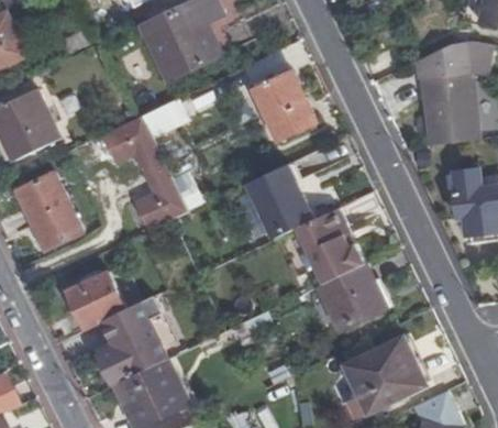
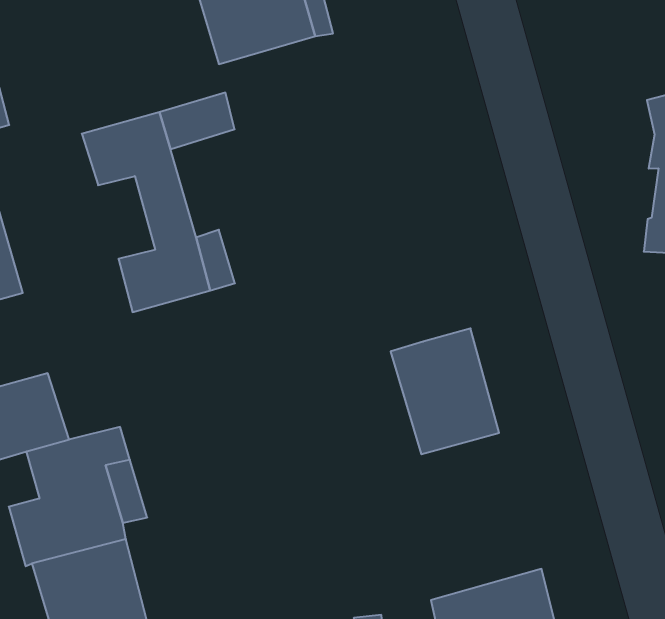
building: [253,70,316,139] -> none
building: [246,163,312,239] -> none
building: [317,262,389,331] -> none

